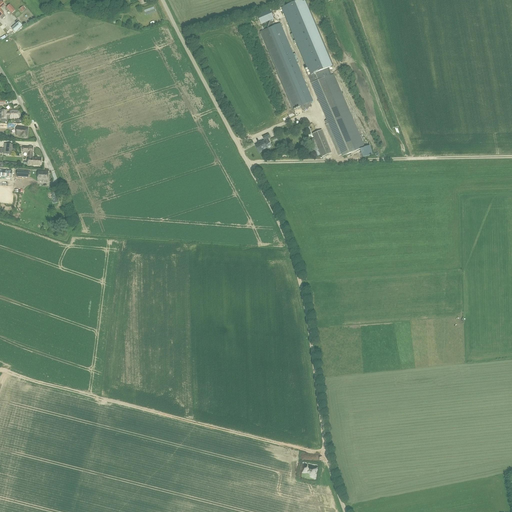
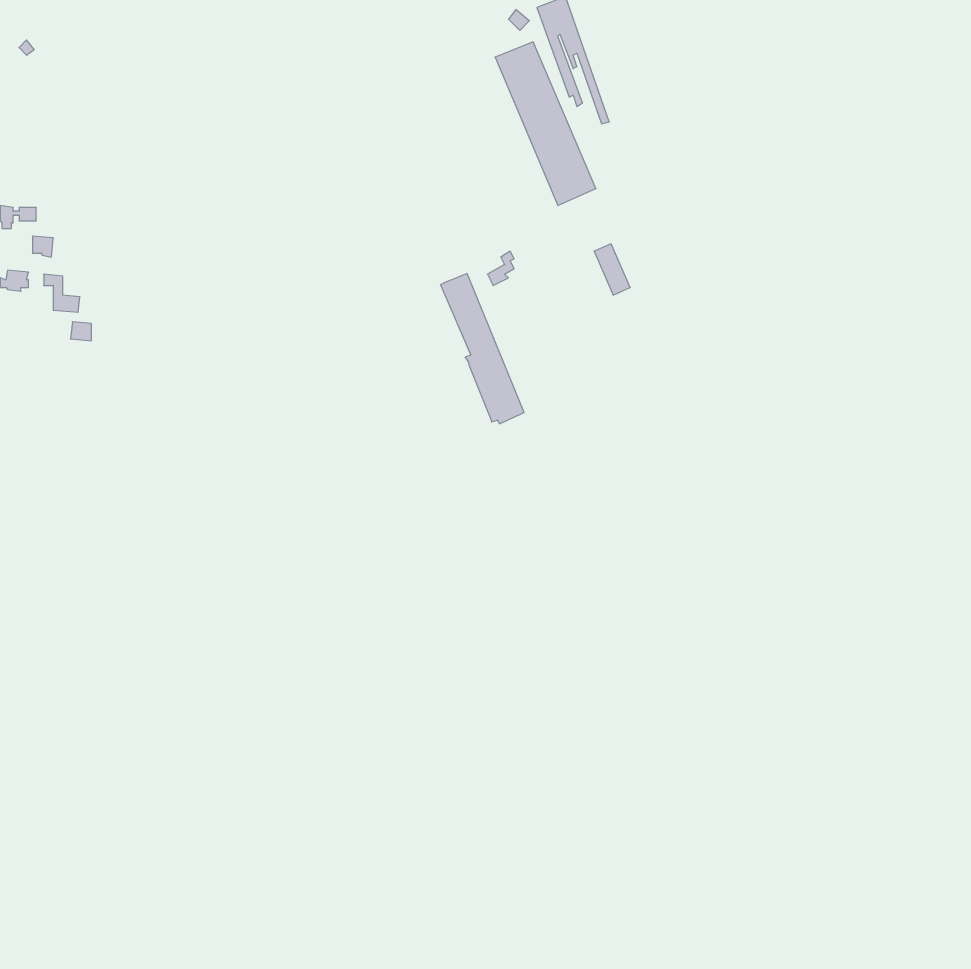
building: [312,76,356,155] -> [440,273,524,424]

